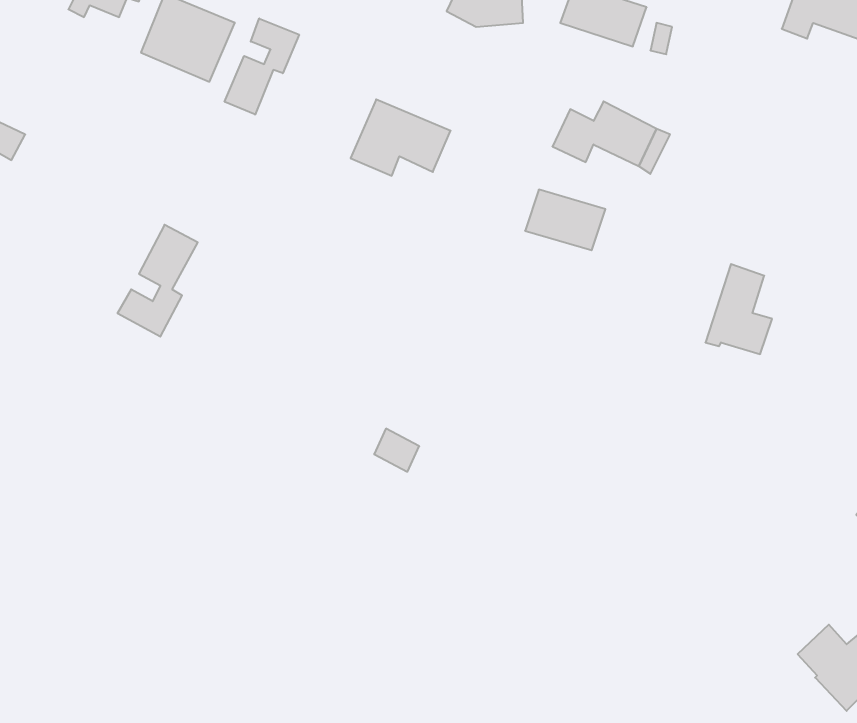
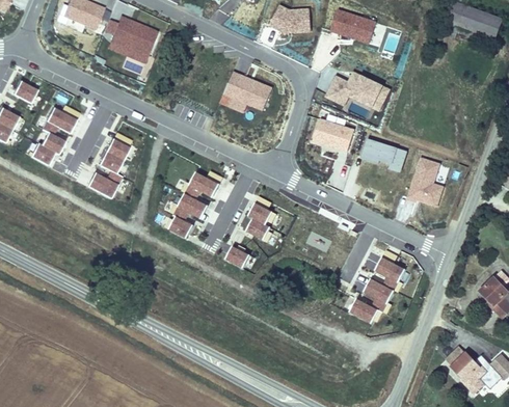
building: [225,18,299,115] -> none
building: none -> [36,106,82,163]
building: none -> [356,139,400,171]
building: none -> [170,171,221,239]
building: none -> [247,201,273,239]
building: none -> [351,257,407,323]

